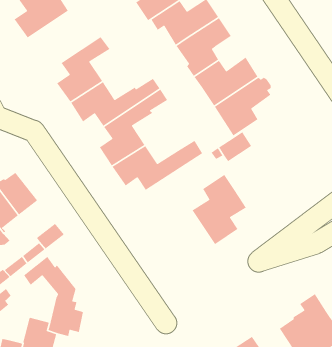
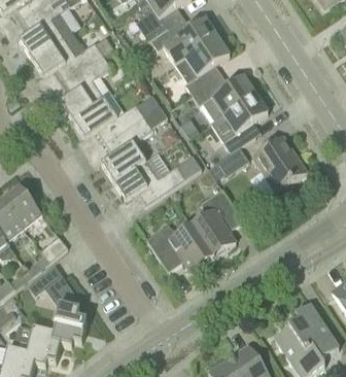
building: none -> [32,36,113,80]
building: none -> [252,134,307,192]
building: none -> [147,222,213,271]

